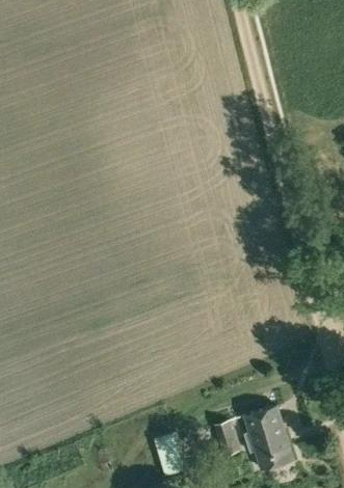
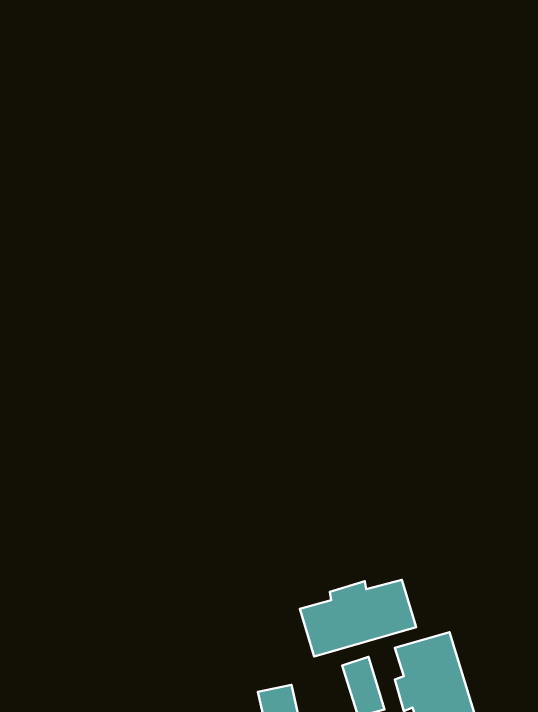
building: none -> [300,580,416,656]

